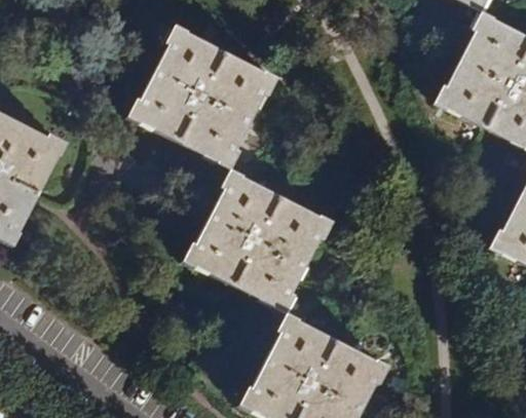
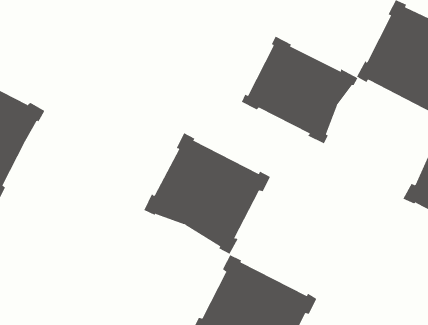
building: [127,25,277,169] -> none
building: none -> [241,36,358,144]

